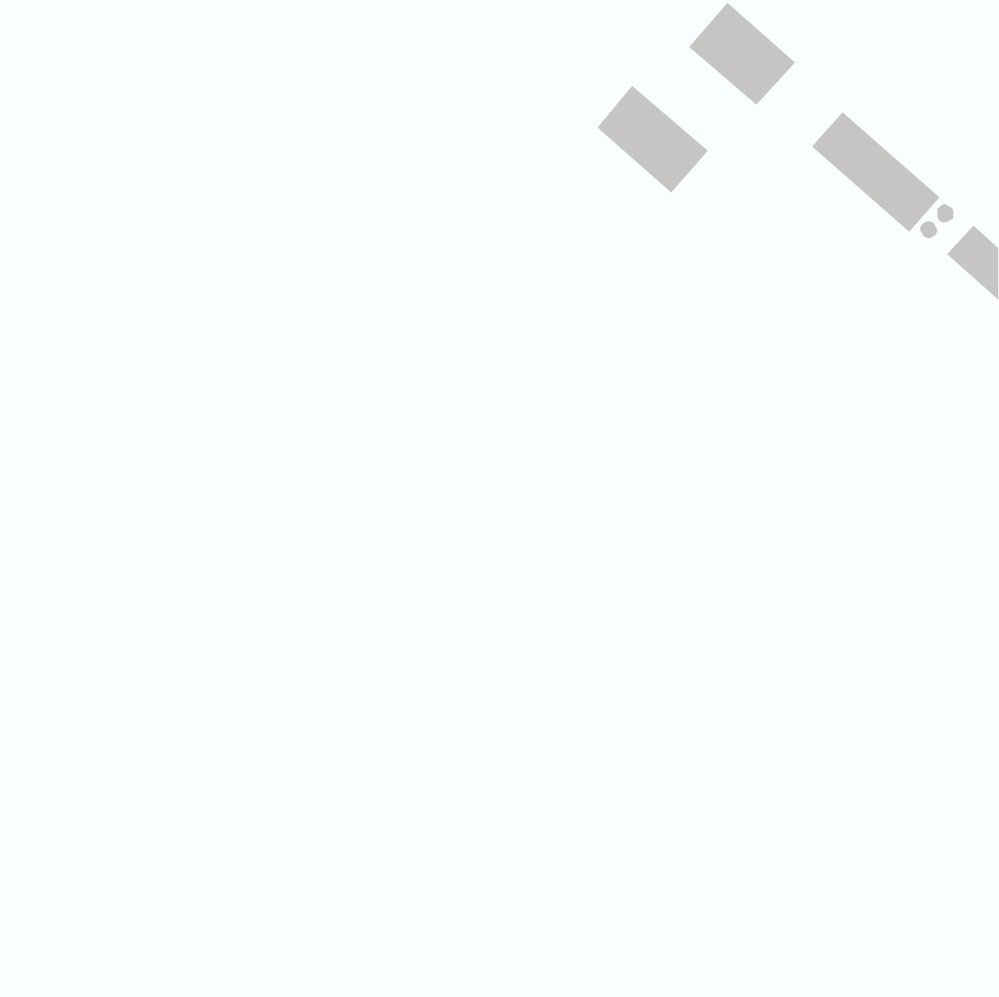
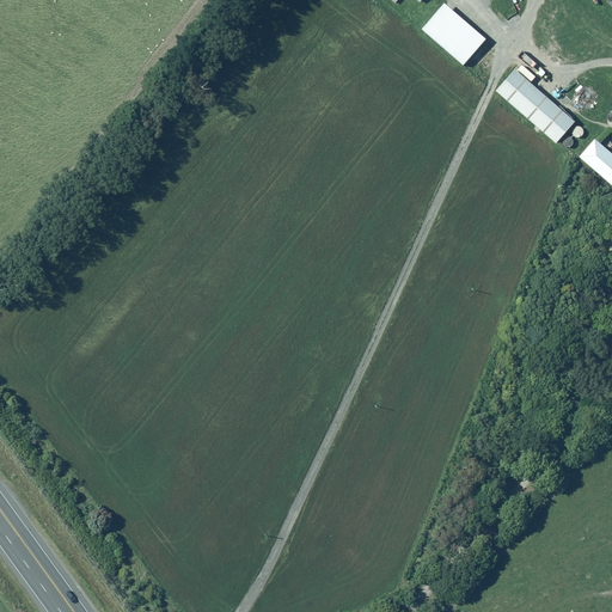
building: [597,85,709,194] -> none

